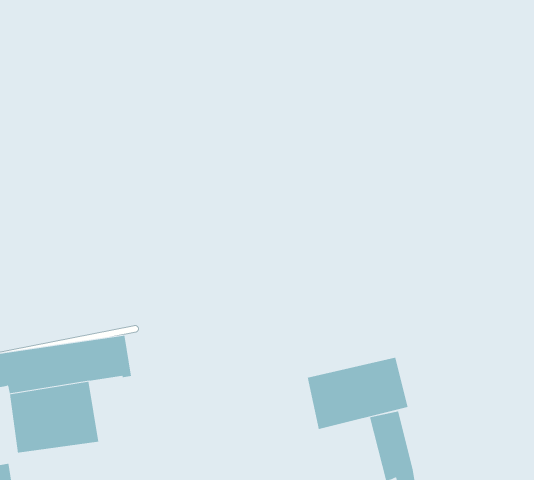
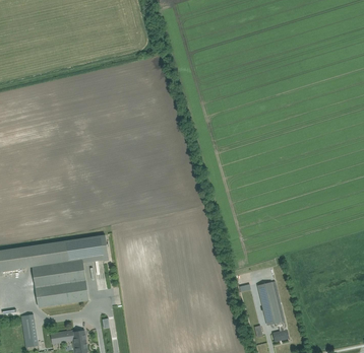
building: [307,357,408,430] -> none

